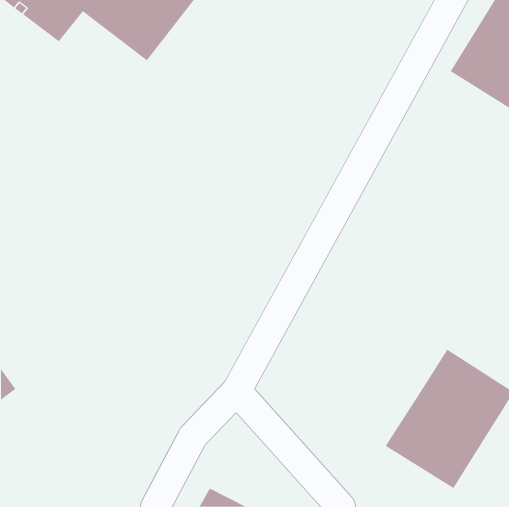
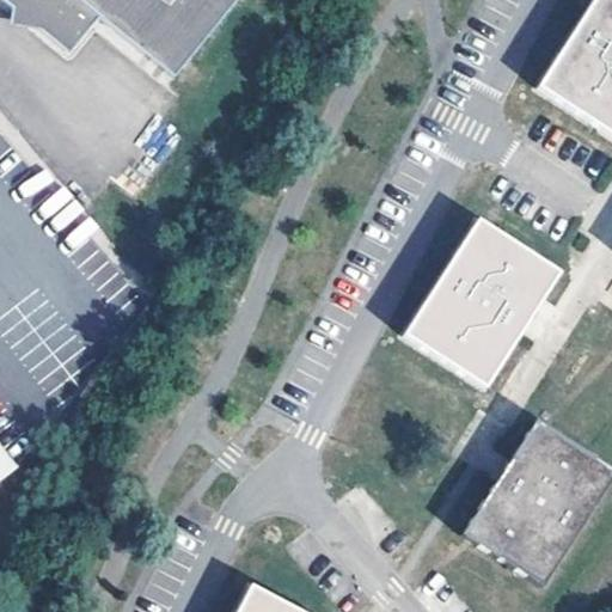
building: none -> [405,216,561,385]

